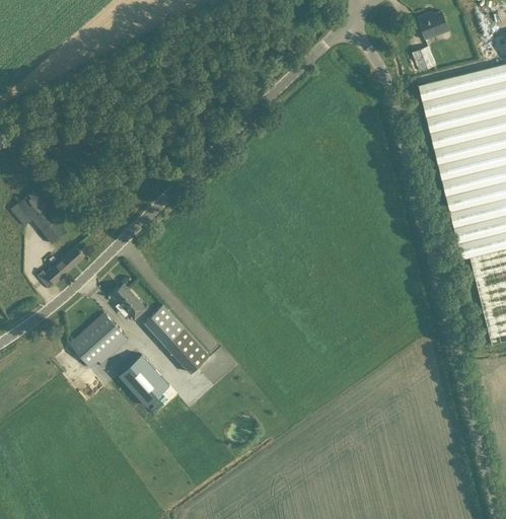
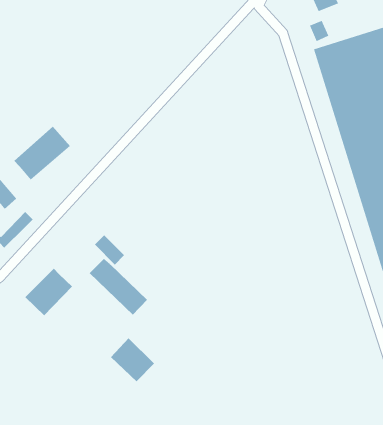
building: none -> [13,126,71,181]
building: [113,283,147,319] -> [94,234,125,266]
building: [119,358,169,410] -> [110,337,155,382]

